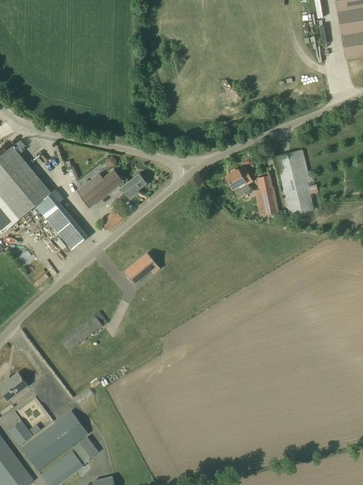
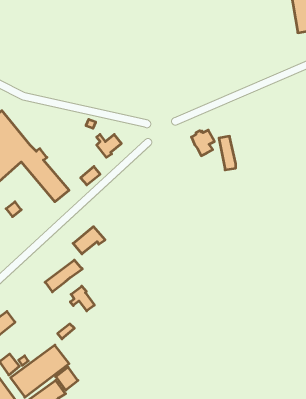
building: [275,151,314,215] -> none
building: [77,169,123,208] -> none
building: [124,253,160,284] -> [73,227,105,254]
building: none -> [70,286,94,311]

